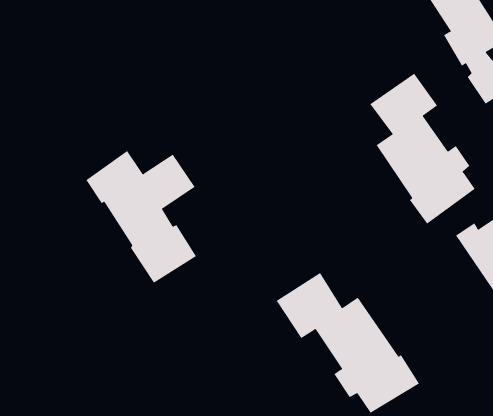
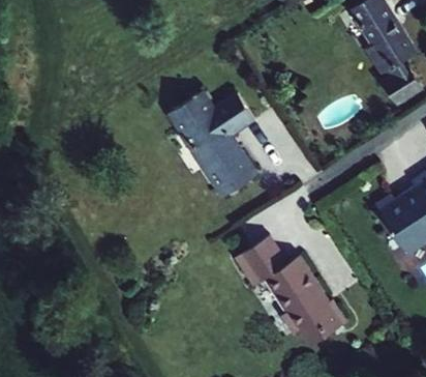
building: [370,73,475,225] -> none
building: [86,150,197,284] -> [169,91,256,197]

